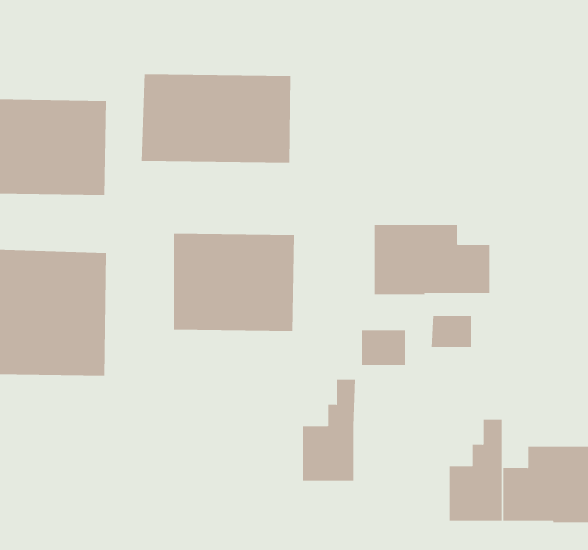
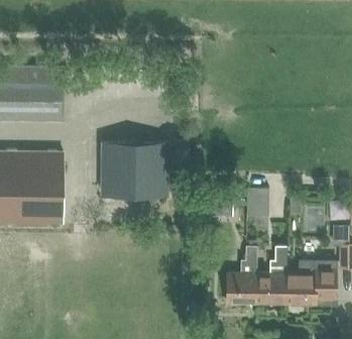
building: [141,74,291,164] -> none
building: [374,224,490,295] -> none
building: [302,379,356,481] -> [226,246,256,304]

